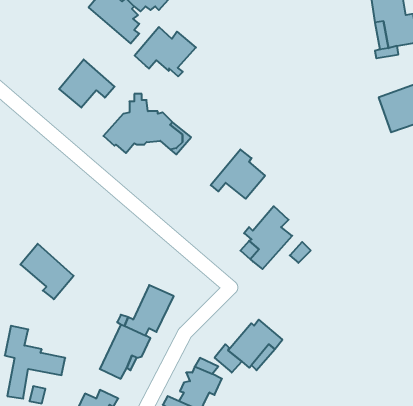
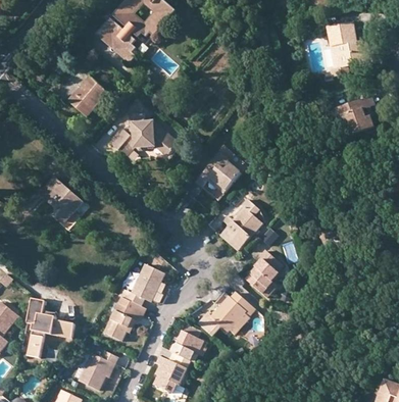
building: [135,27,196,76] -> none
building: [20,244,74,299] -> [38,175,82,221]
building: none -> [245,250,282,294]

